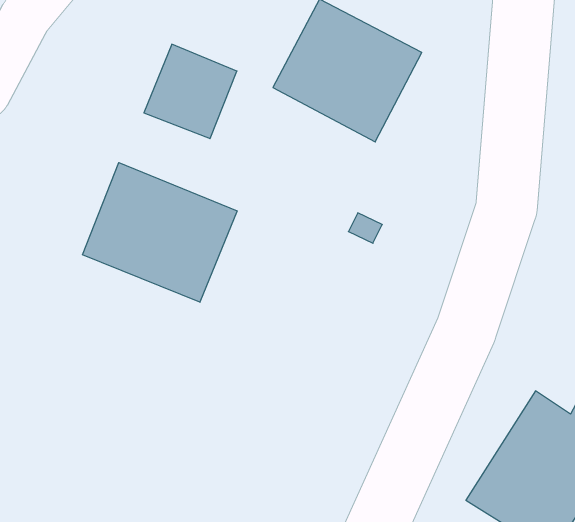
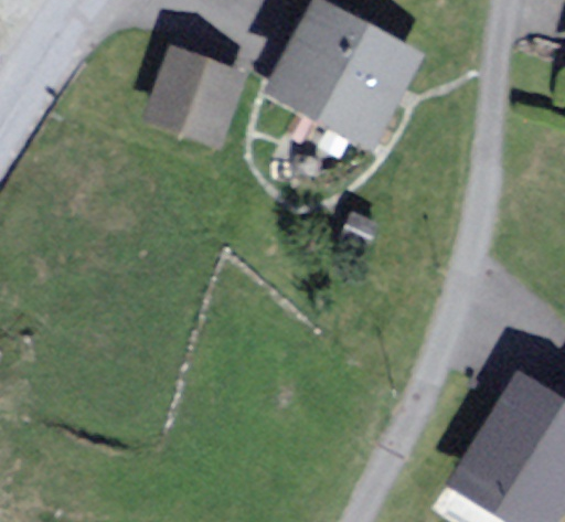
building: [83,163,237,302] -> none

